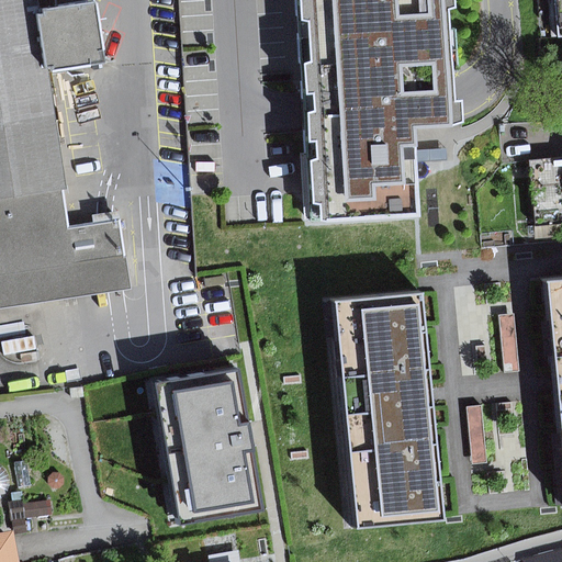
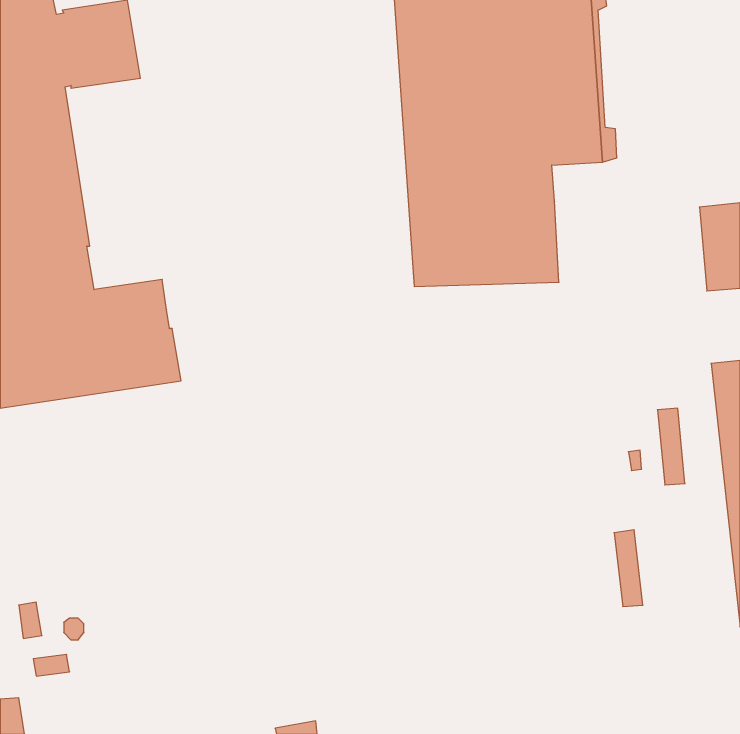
building: [330,286,440,524] -> none
building: [153,367,257,518] -> none

